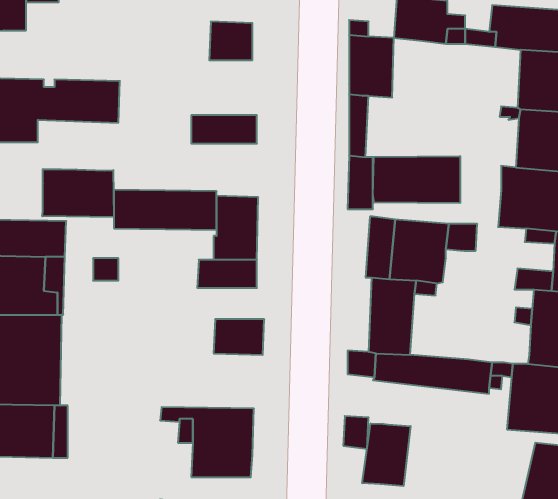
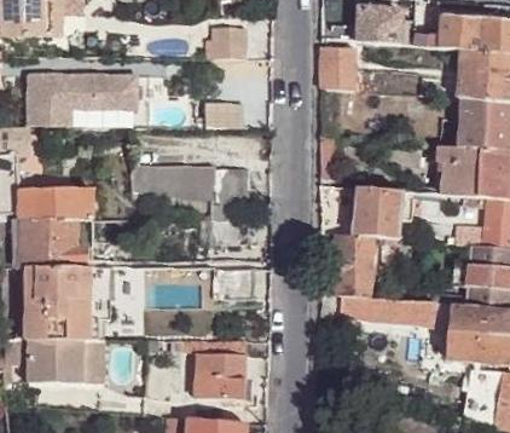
building: [373,156,460,203] -> none
building: [42,169,114,217] -> none
building: [362,423,411,486] -> none

